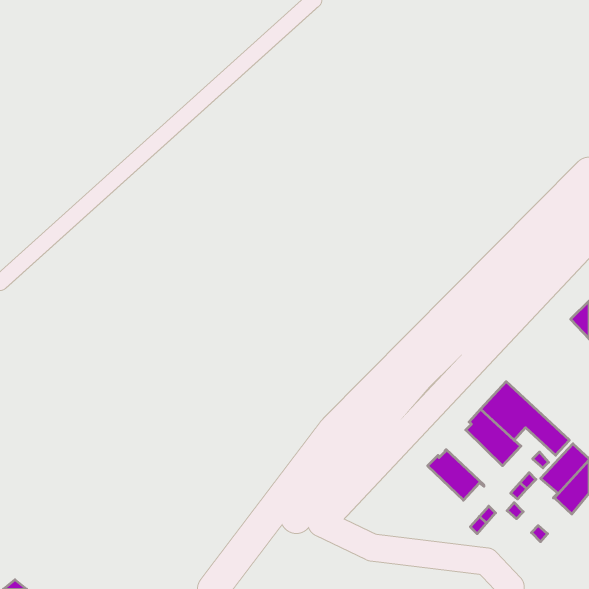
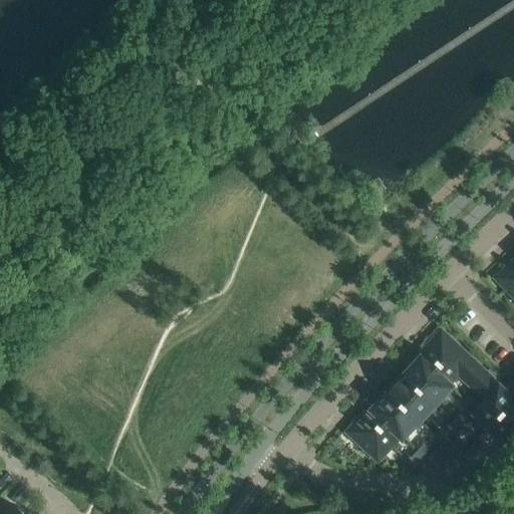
building: none -> [389,374,438,423]
building: none -> [348,406,404,459]

